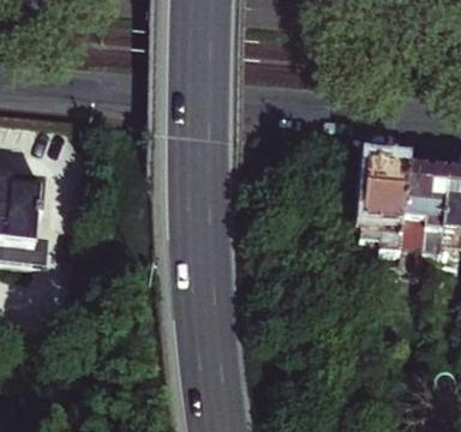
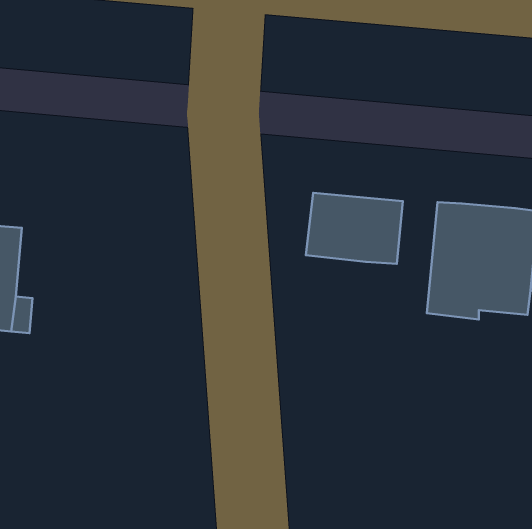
building: none -> [306,193,403,264]

